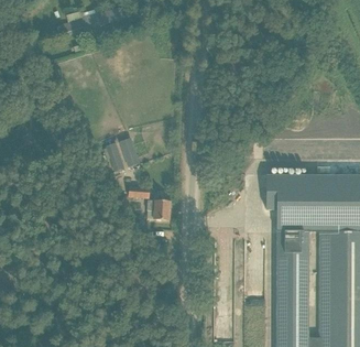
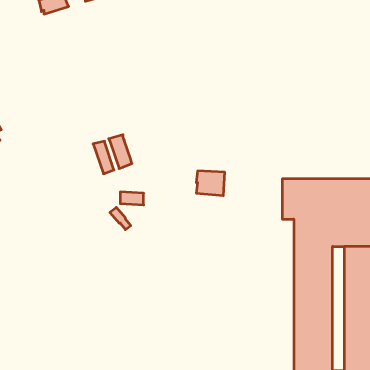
building: [146,199,171,220] -> [196,171,225,196]

